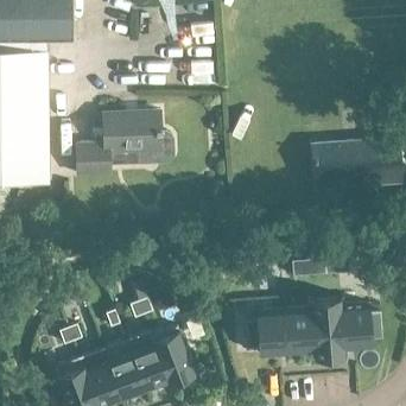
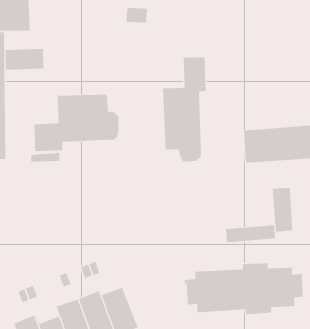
building: none -> [5,48,44,71]
building: none -> [162,56,206,163]
building: none -> [272,187,293,237]

